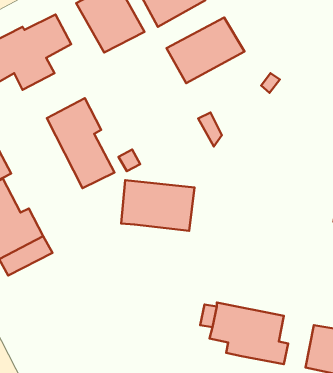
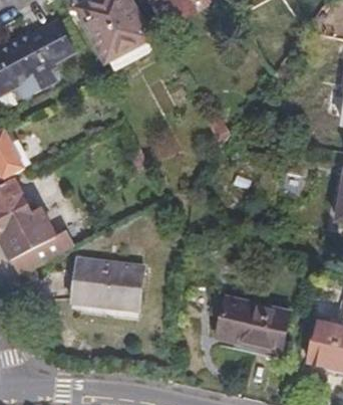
building: [167,17,245,83] -> none
building: [47,98,114,188] -> none
building: [121,180,194,231] -> [69,259,140,309]

